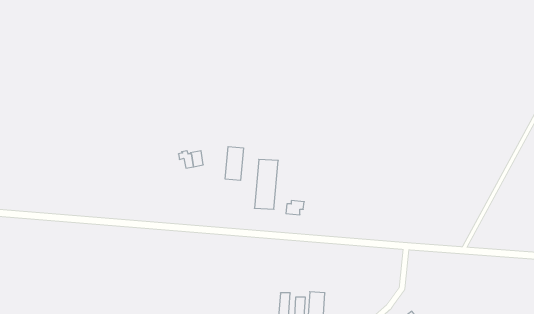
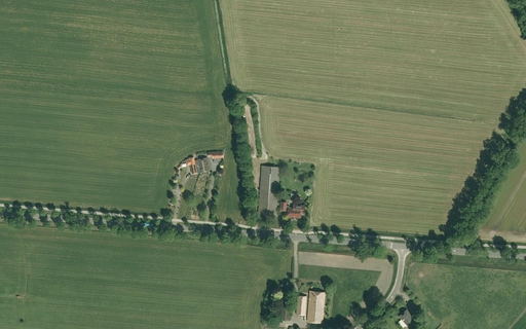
building: [225,147,243,180] -> none

